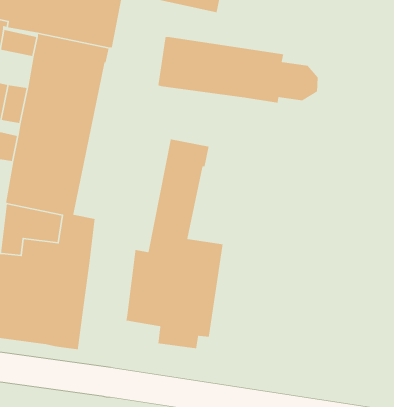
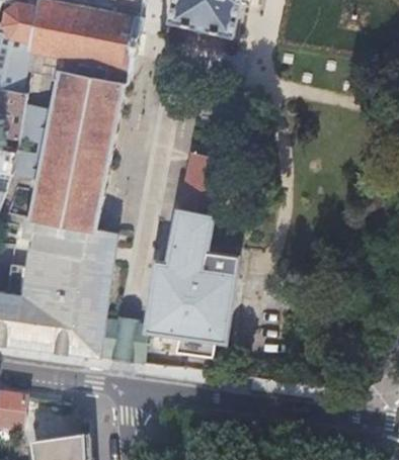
building: [158,36,319,104] -> none
building: none -> [98,318,146,366]

